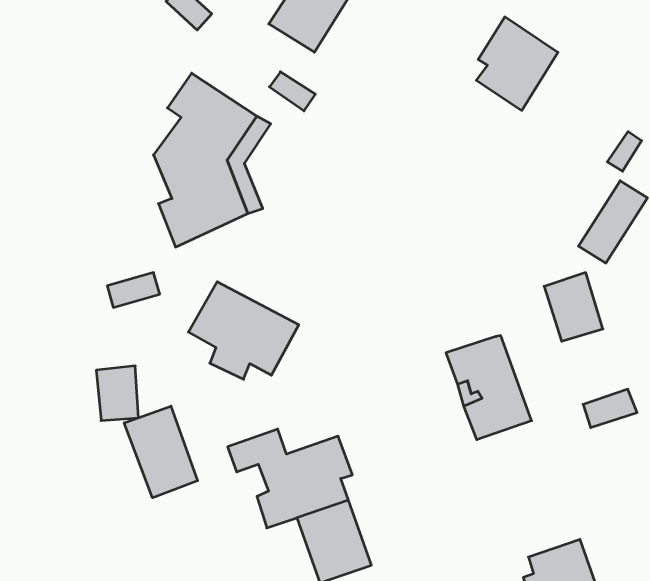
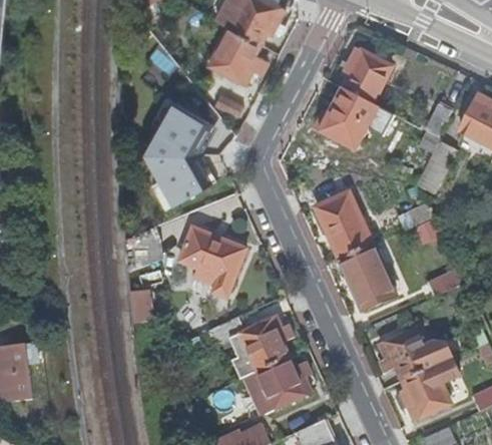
building: none -> [321,88,373,140]
building: none -> [317,193,373,260]
building: [124,406,198,498] -> none
building: none -> [380,329,452,382]

